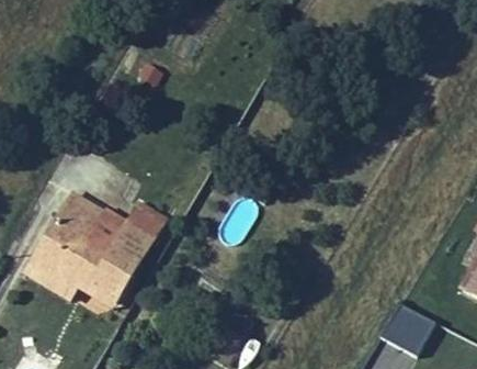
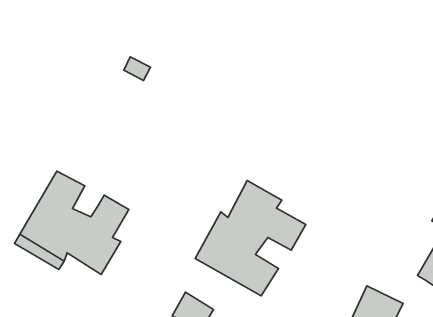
building: [70,191,167,236] -> none
building: none -> [195,181,306,296]

